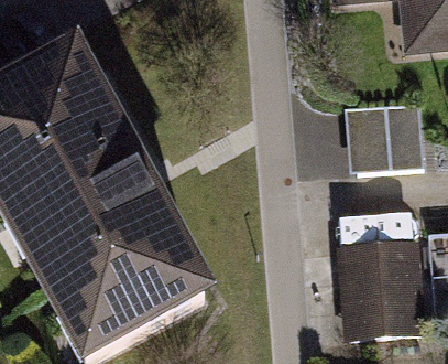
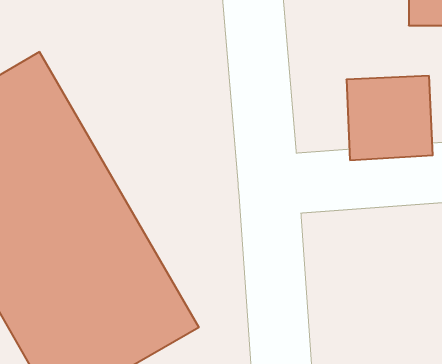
building: [347,243,431,329] -> none

